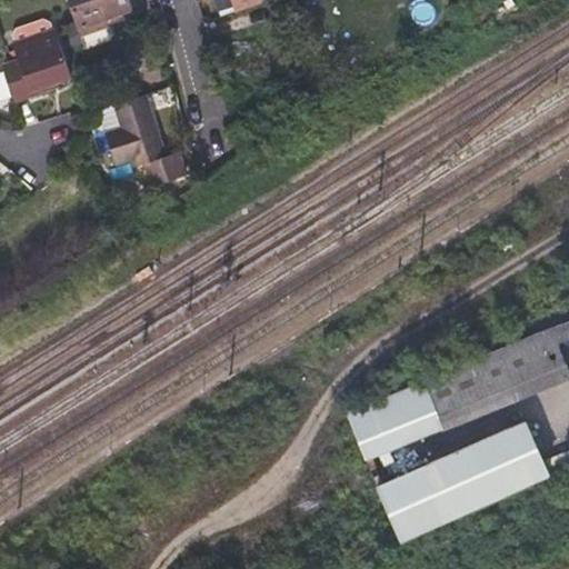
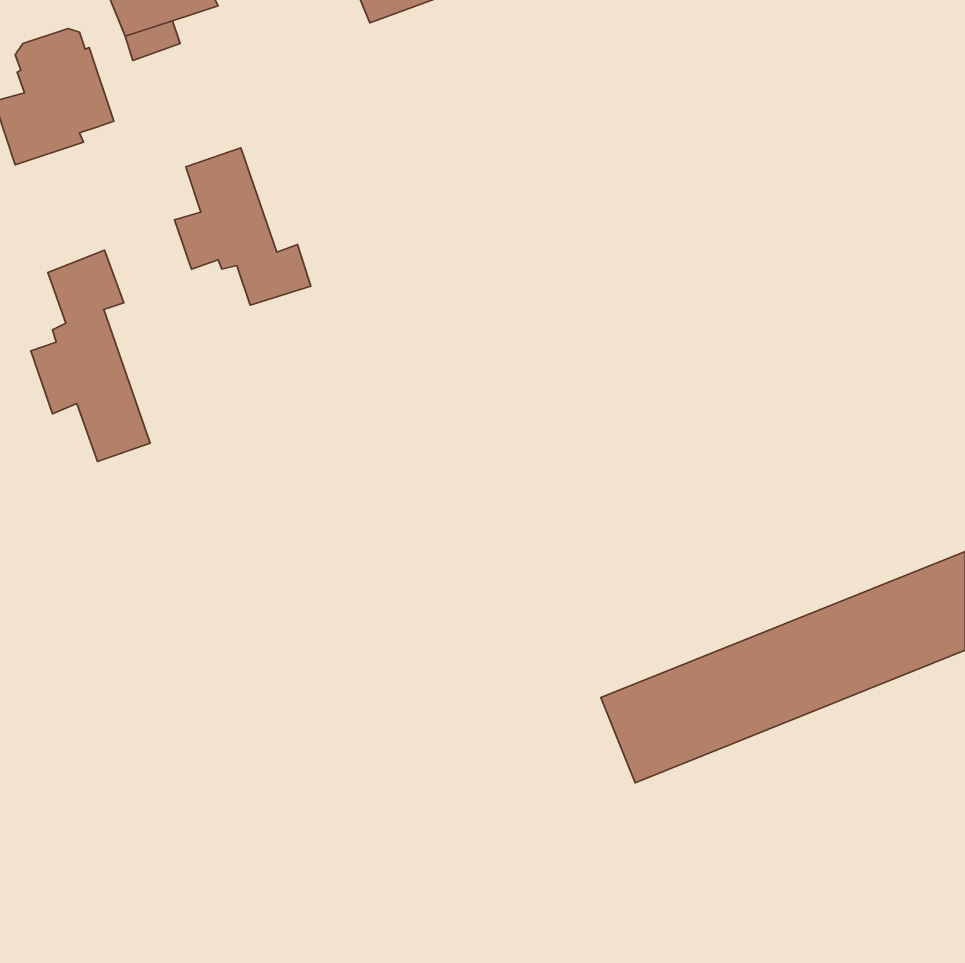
building: none -> [31,250,150,461]
building: [386,422,557,541] -> none

